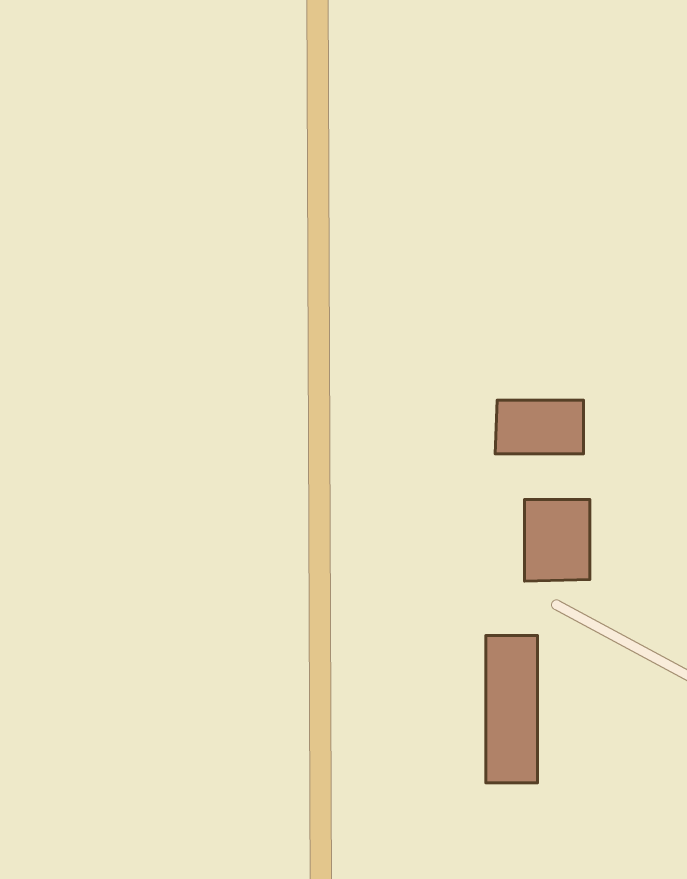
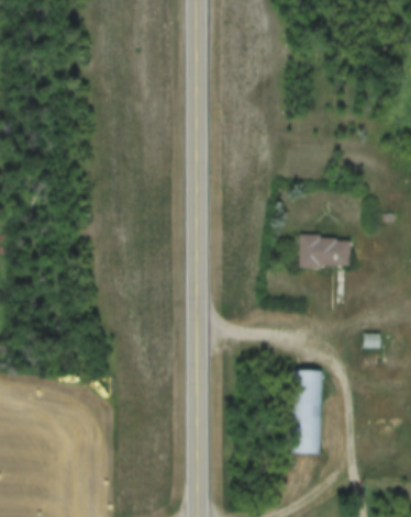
building: [524,499,590,581] -> none

